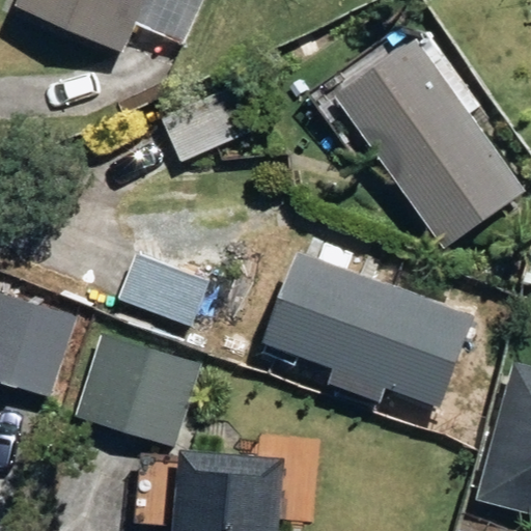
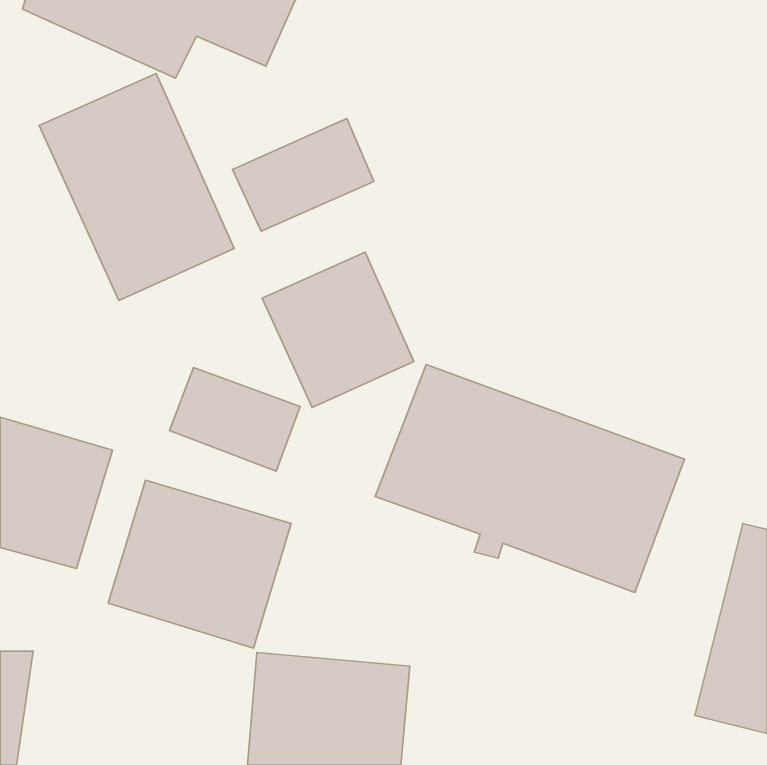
building: [338,44,522,248] -> none
building: none -> [39,73,234,301]
building: none -> [262,252,414,408]

